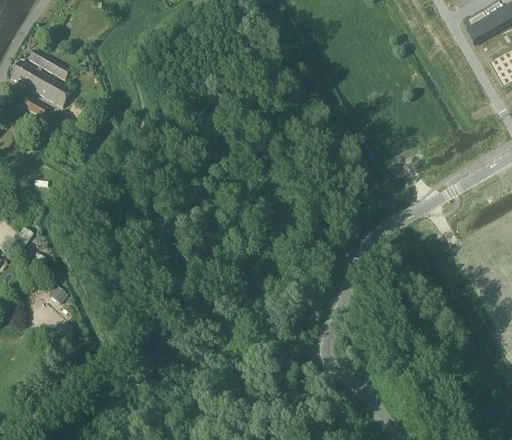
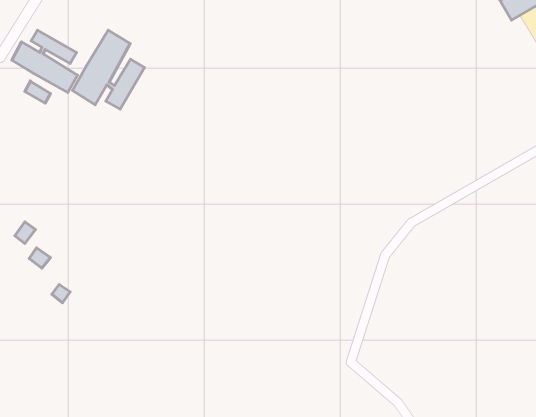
building: none -> [73,30,145,109]

